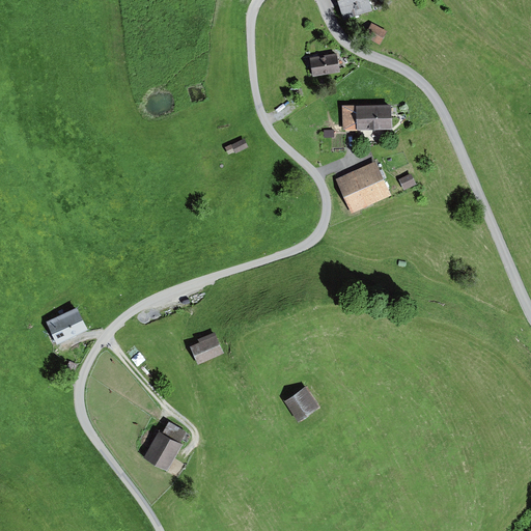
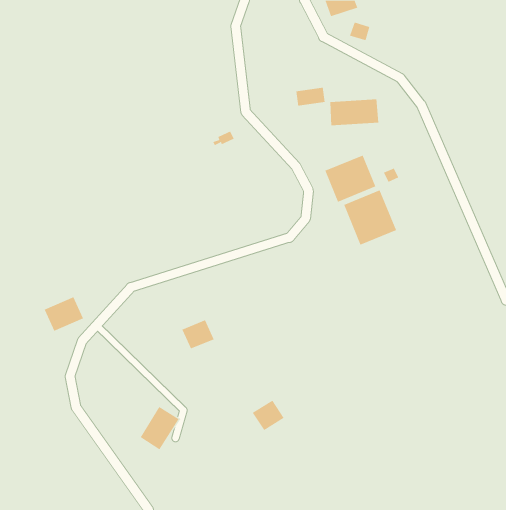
building: [306,55,337,75] -> [296,87,325,106]
building: none -> [343,189,397,245]
building: [285,389,319,421] -> [252,400,285,431]

